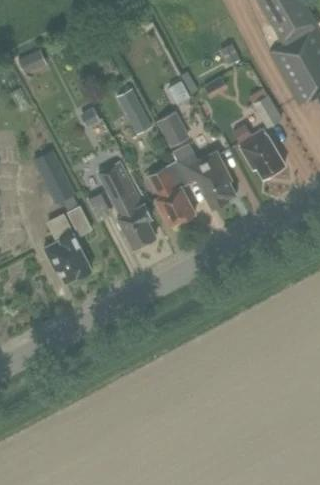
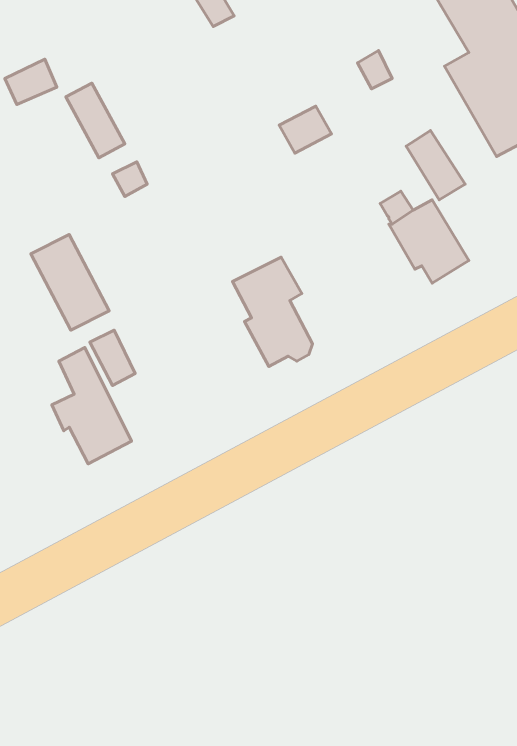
building: [116,88,150,131] -> [66,83,125,158]
building: [155,111,188,146] -> none
building: [172,142,235,208] -> none
building: [98,161,155,248] -> none

